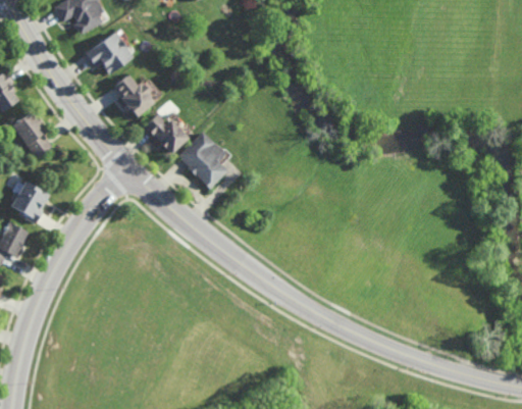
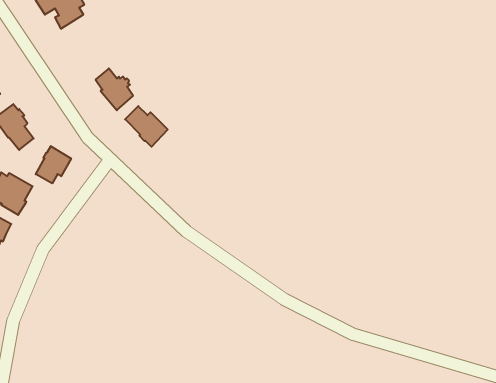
building: [85,32,134,74] -> none
building: [178,131,226,189] -> none
building: none -> [36,146,71,183]

